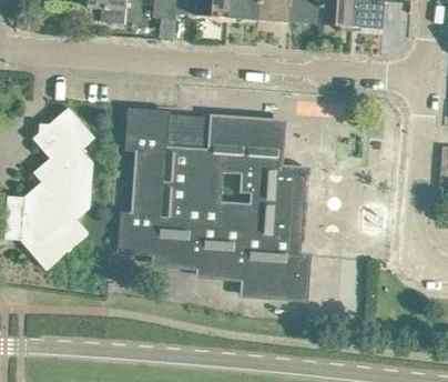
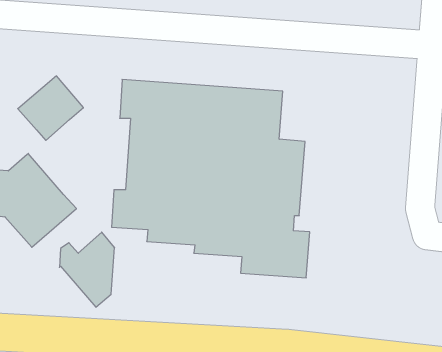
building: [41,148,93,219] -> [59,232,115,307]

